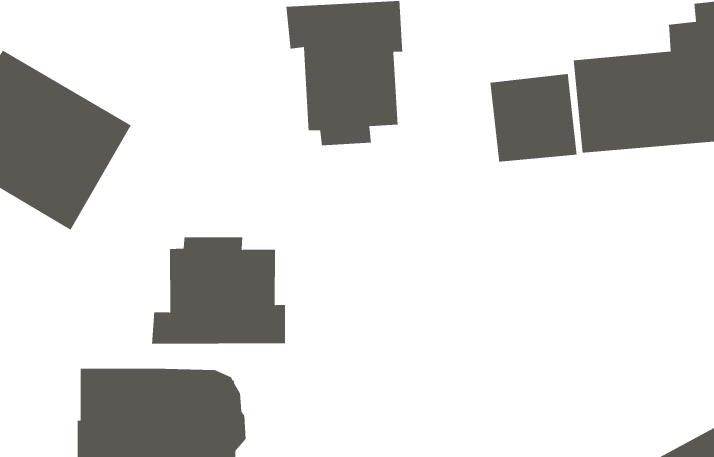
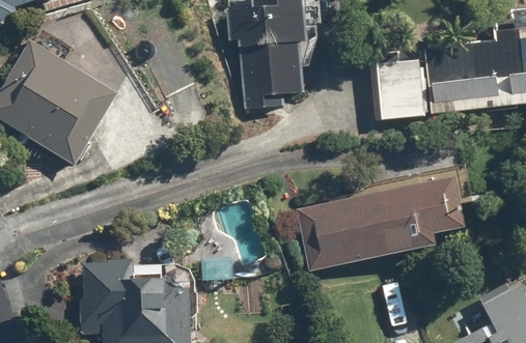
building: [151,237,286,344] -> none
building: none -> [296,174,466,268]

